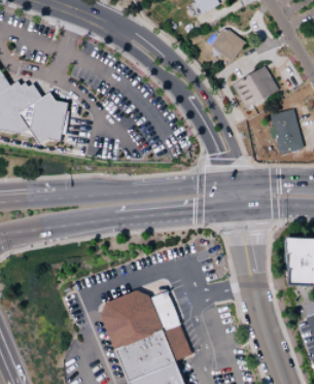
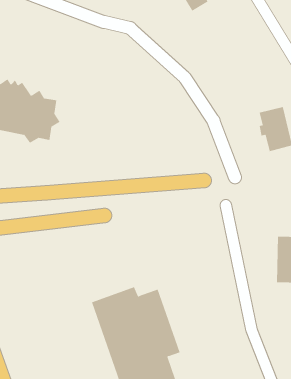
building: [210,27,245,61] -> none
building: [232,65,279,109] -> none

